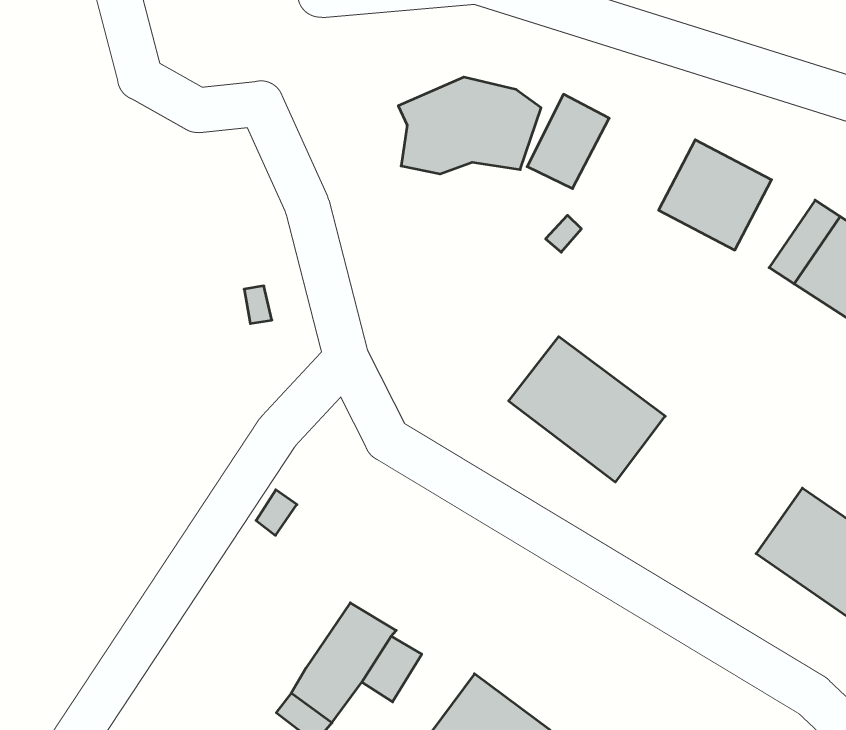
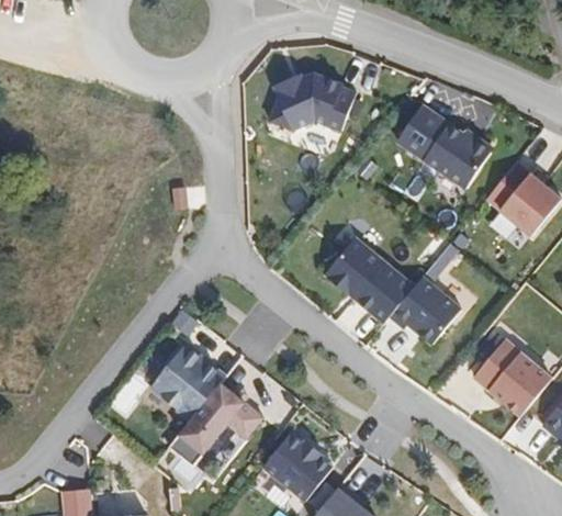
building: [527,94,609,189] -> [396,103,448,160]
building: none -> [394,280,460,345]
building: none -> [149,346,223,419]

